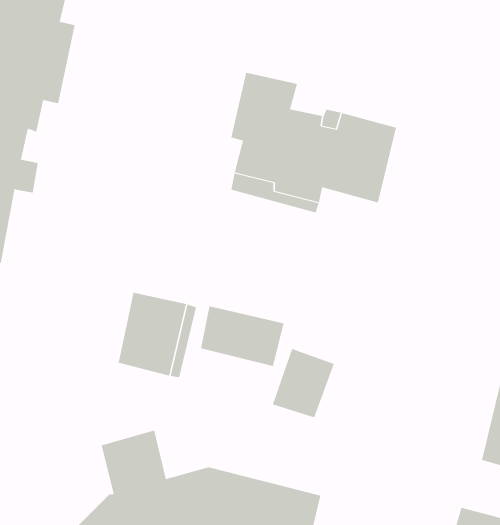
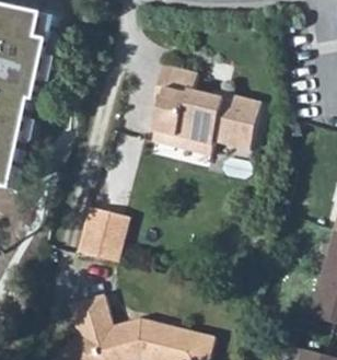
building: [201,306,284,367] -> none
building: [272,348,335,418] -> none

